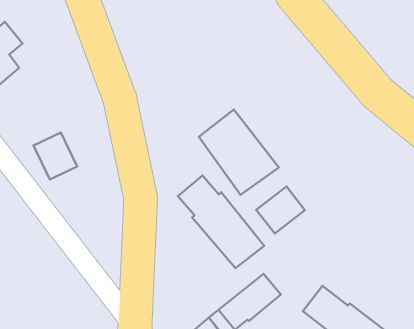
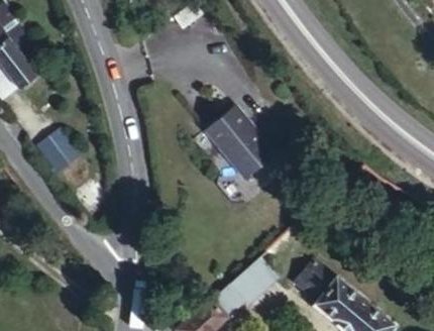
building: [178,175,264,268] -> none
building: [256,186,305,234] -> none

